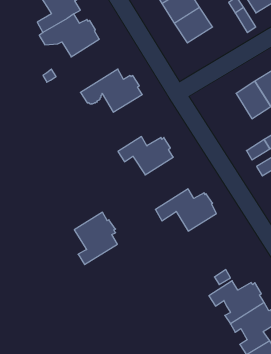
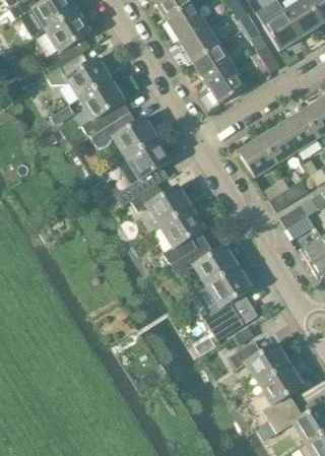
building: none -> [205,65,245,103]
building: none -> [79,78,130,136]
building: none -> [237,137,275,178]
building: none -> [119,138,171,202]
building: [74,212,117,265] -> [159,206,206,263]
building: none -> [199,267,251,339]

